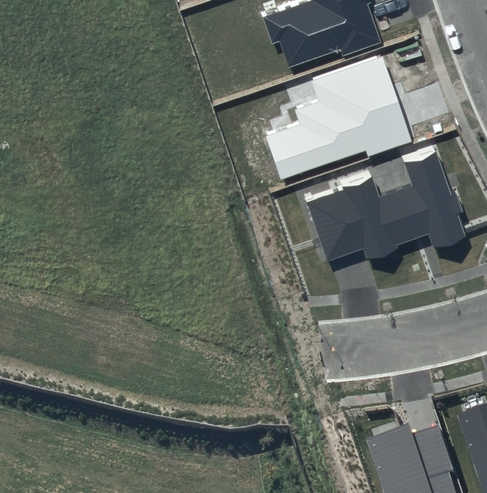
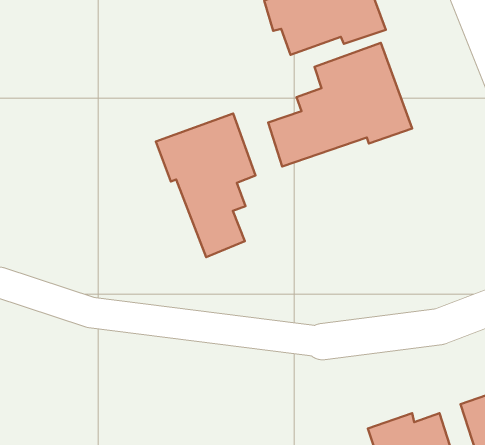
building: none -> [156,114,256,257]
building: [304,145,467,262] -> none

